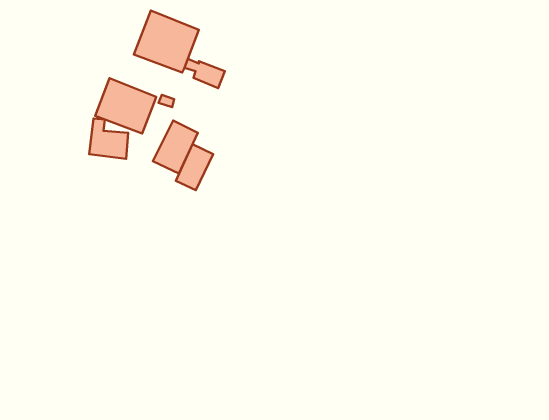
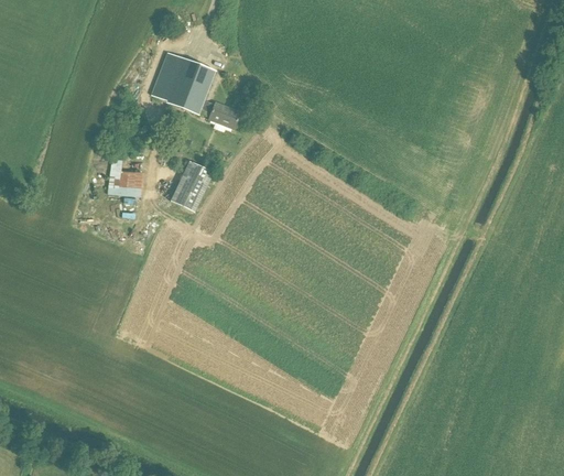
building: [95,78,156,134] -> none
building: [176,144,213,190] -> none

